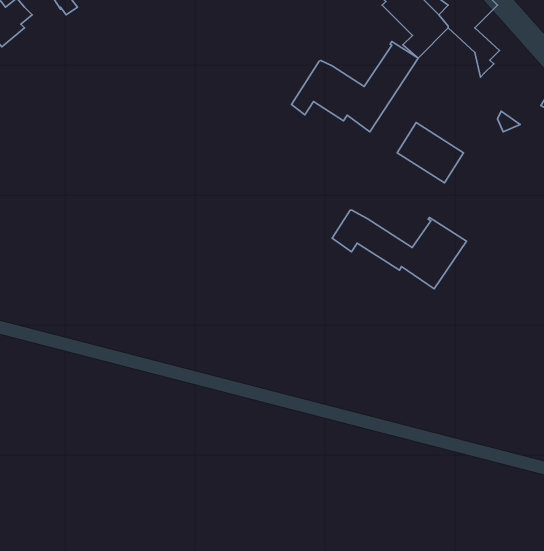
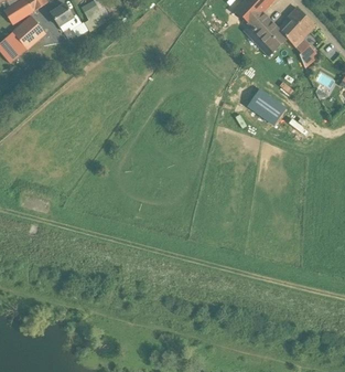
building: [291,41,418,132] -> none
building: [332,210,466,289] -> none

